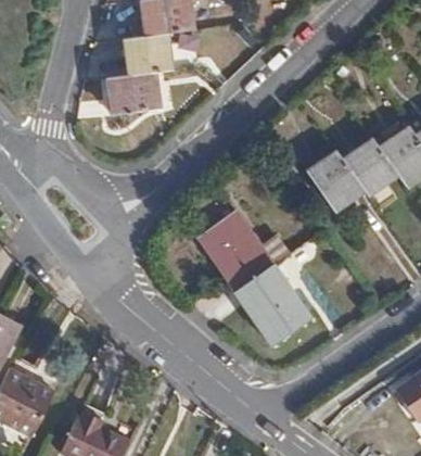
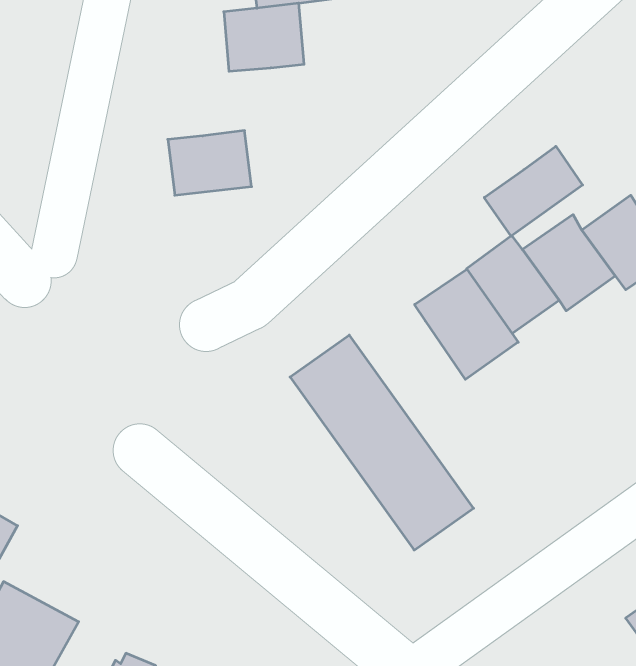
building: [132,45,181,87] -> none
building: none -> [484,146,583,236]
building: none -> [415,269,518,379]

